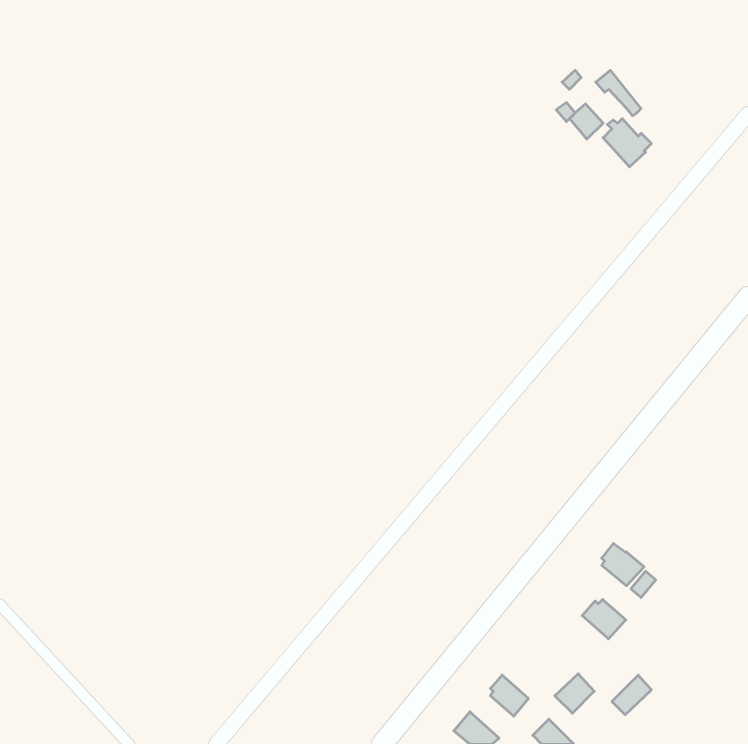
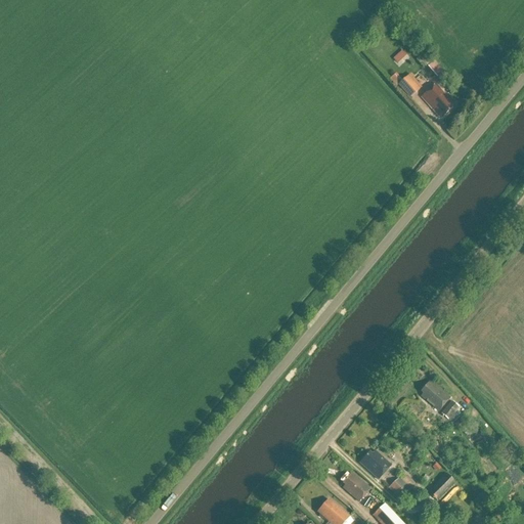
building: [582,599,626,639] -> [360,450,391,478]

